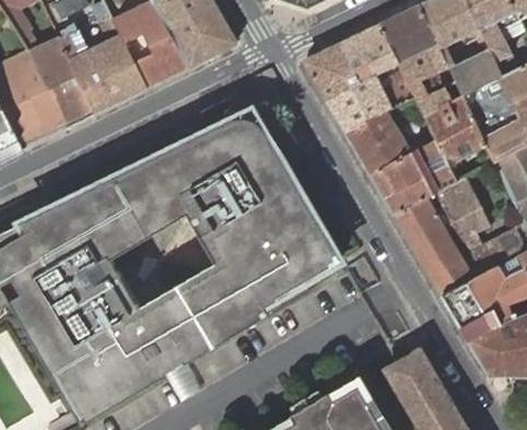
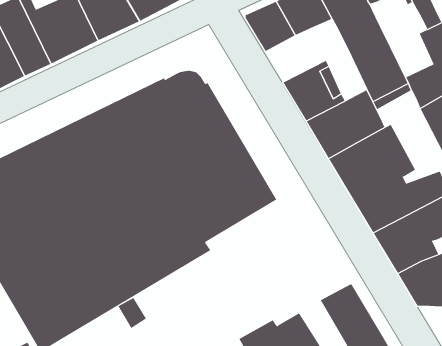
building: [452,50,502,95] -> none
building: [326,72,416,132] -> none

